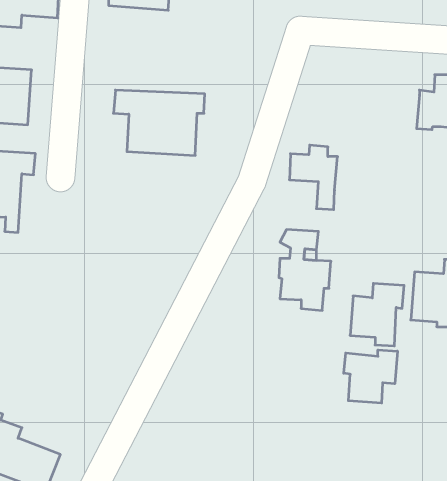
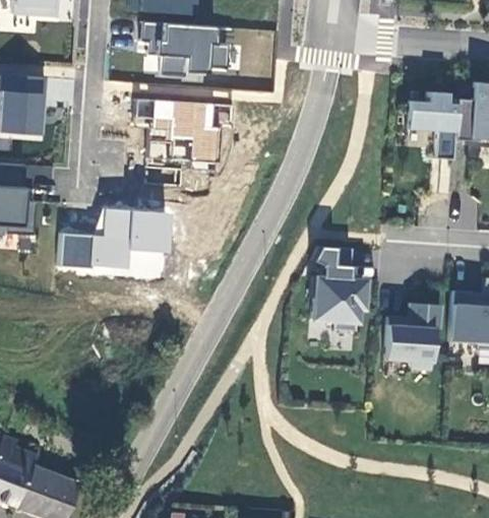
building: none -> [137,20,230,74]
building: [289,145,338,210] -> [406,91,456,159]
building: none -> [56,206,173,277]
building: [344,350,397,403] -> none

